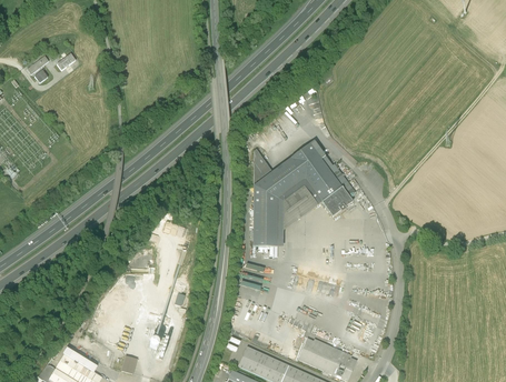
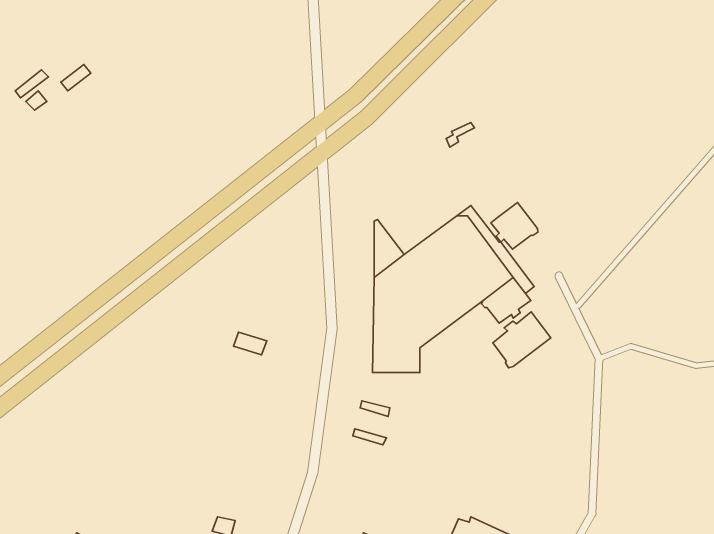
building: none -> [491,202,538,249]
building: none -> [493,312,551,368]

